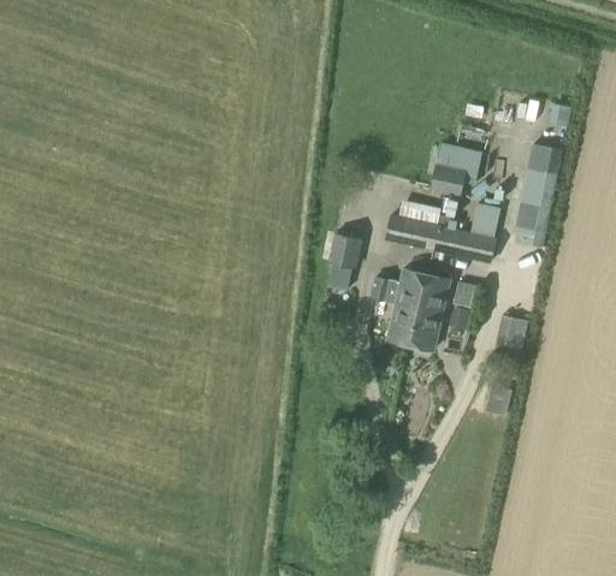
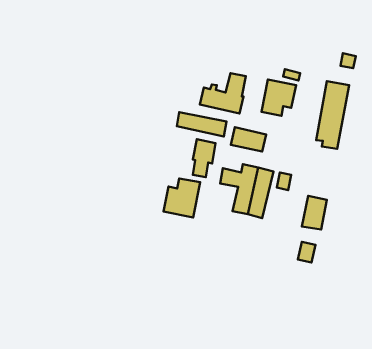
building: none -> [177,112,227,136]
building: [432,202,500,262] -> [200,73,246,113]
building: none -> [163,178,200,218]

